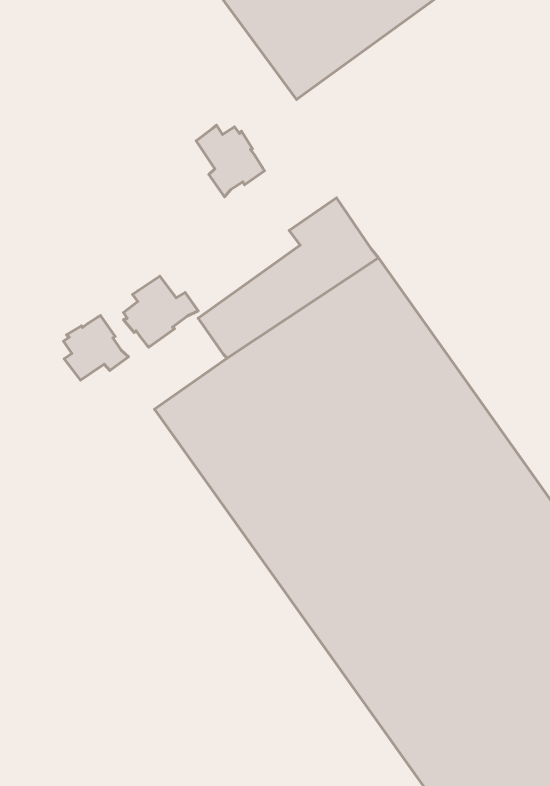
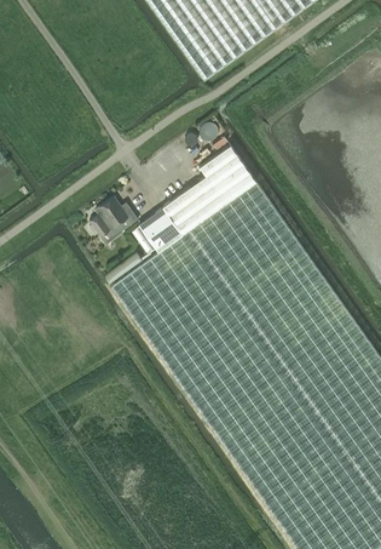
building: [196,125,264,197] -> none
building: [64,316,129,380] -> none

